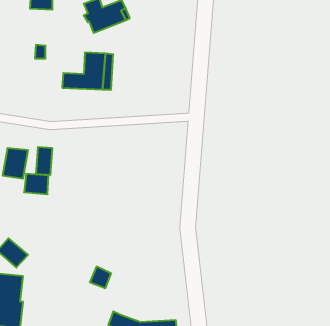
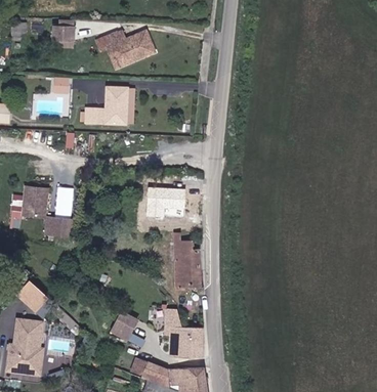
building: none -> [144,188,184,216]
building: none -> [173,231,200,288]
building: none -> [168,307,203,356]

